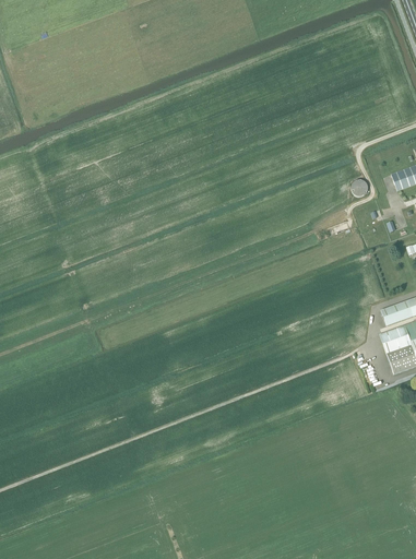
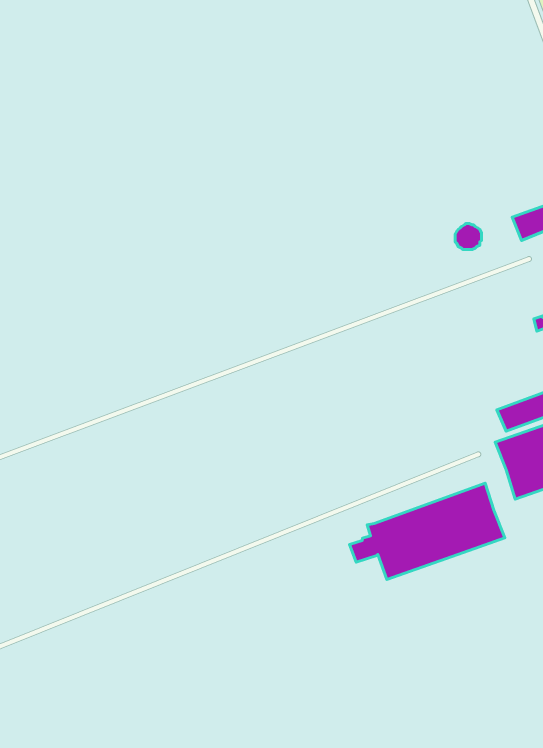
building: none -> [350,483,505,580]

